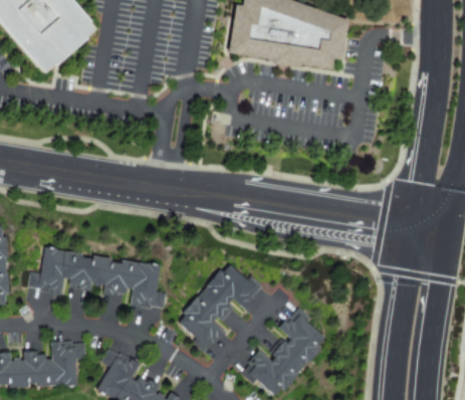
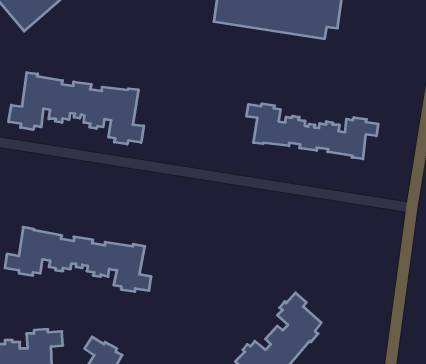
building: none -> [9,72,144,144]
building: none -> [247,104,378,159]
building: [180,265,260,351] -> none

